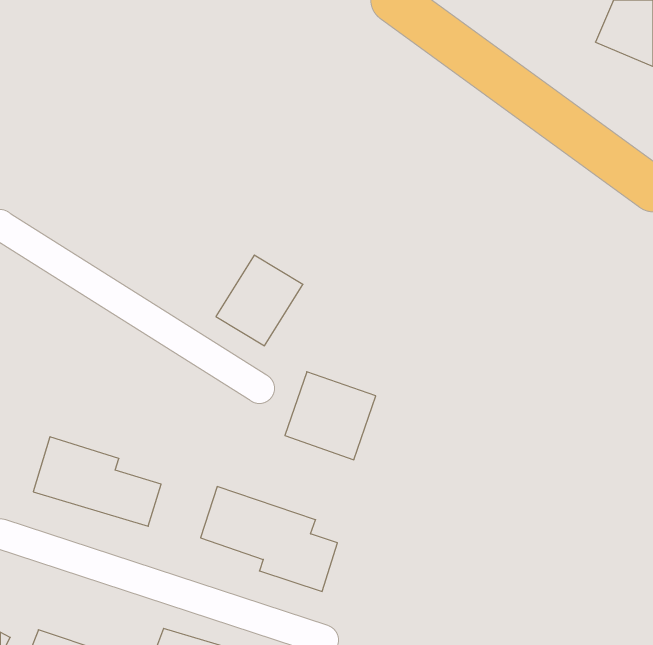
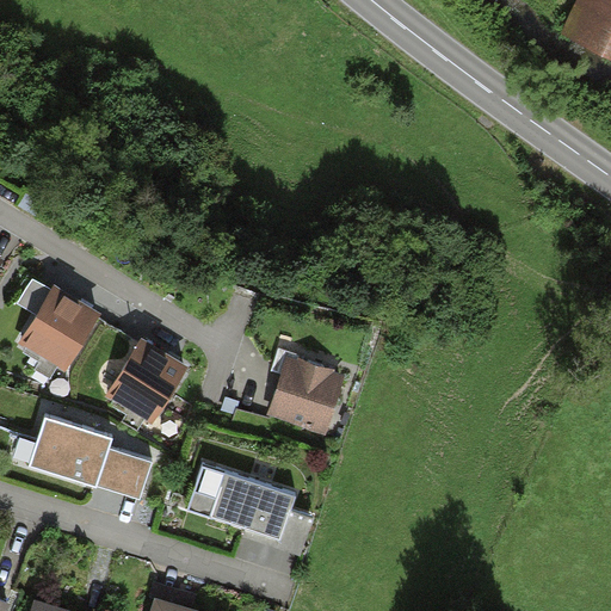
building: [216,255,303,346] -> [106,334,187,419]
building: none -> [18,282,101,379]

